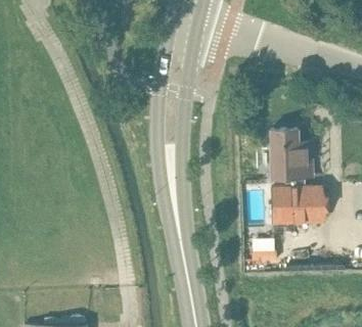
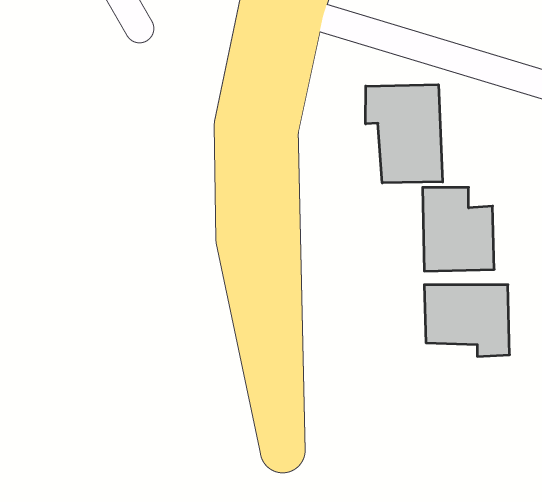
building: none -> [366,85,443,183]

